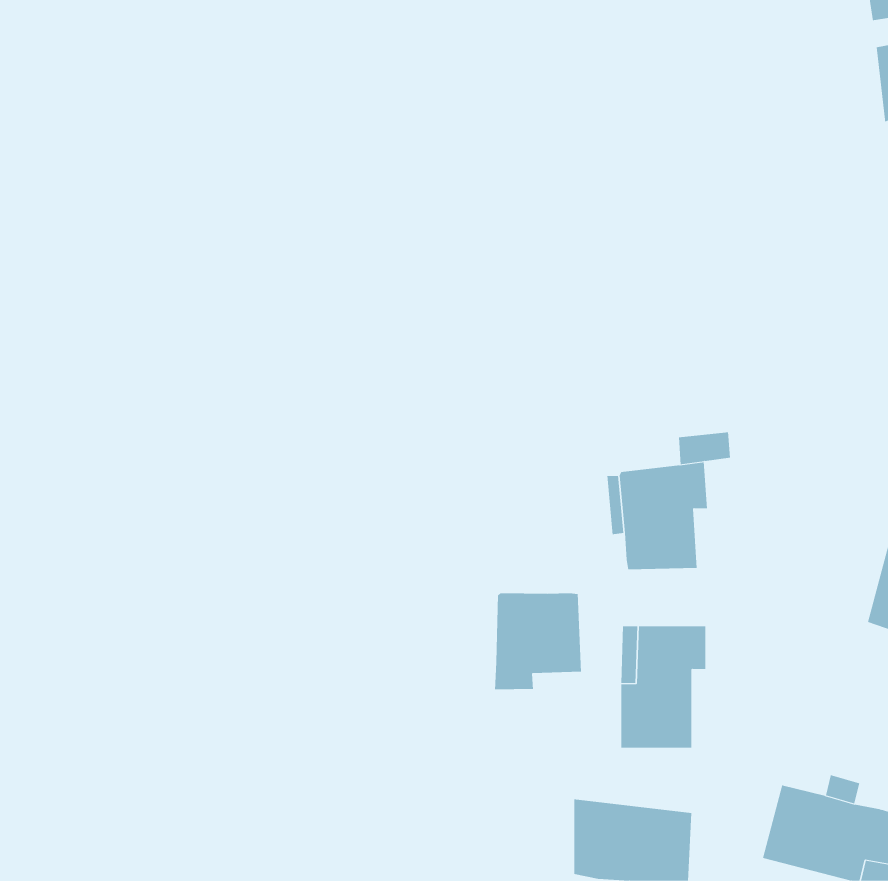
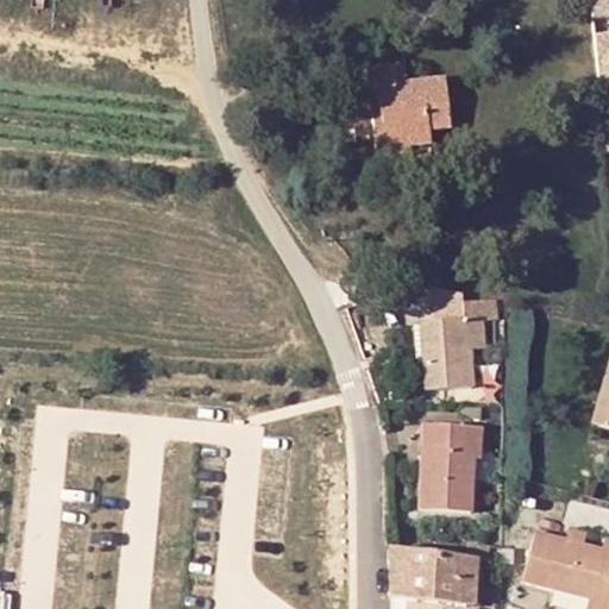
building: none -> [369,59,451,140]
building: [495,593,581,690] -> none

